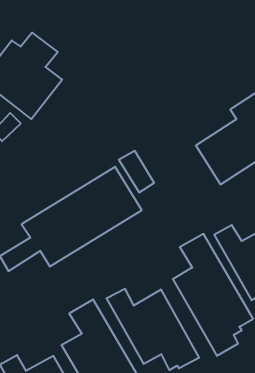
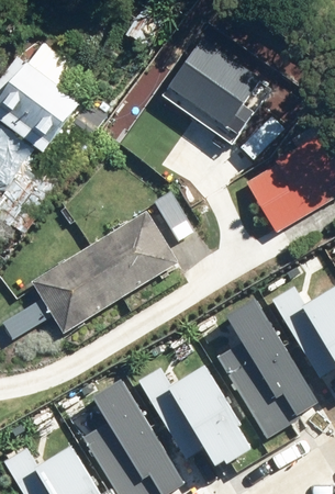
building: none -> [159,37,273,148]

